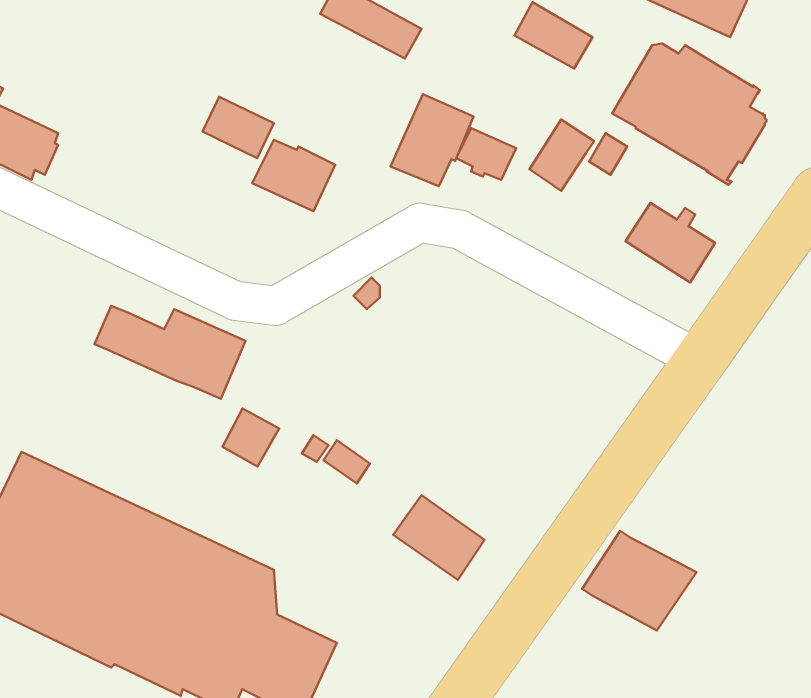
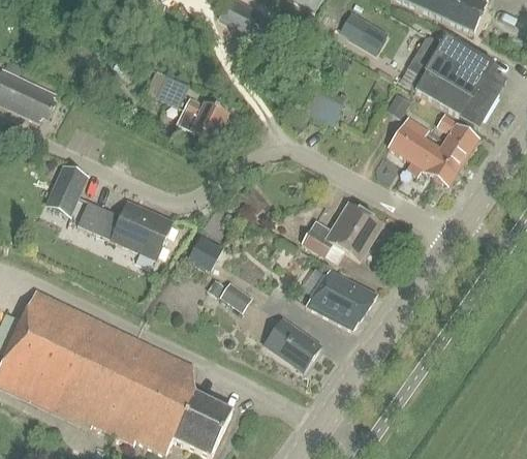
building: [390,94,473,186] -> none
building: [530,120,594,191] -> [390,116,430,160]
building: none -> [438,113,479,161]
building: none -> [44,164,89,217]
building: none -> [302,203,382,259]
building: [223,409,279,467] -> [188,235,223,271]
building: [582,531,697,630] -> [307,269,378,331]

